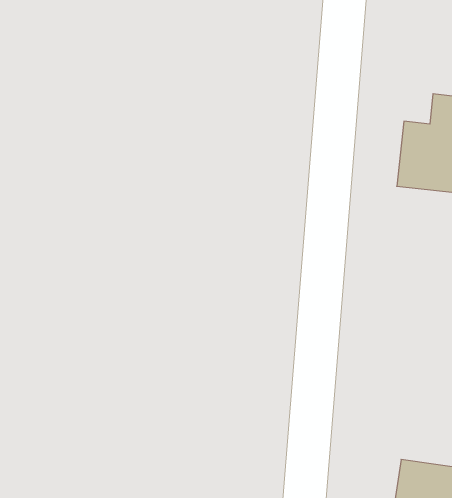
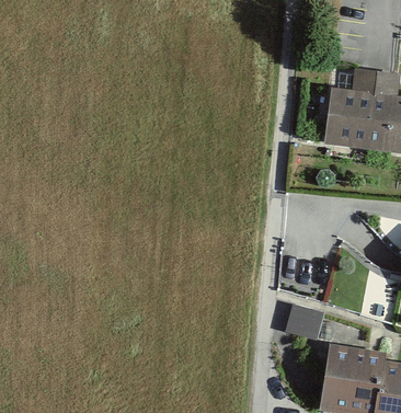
building: none -> [283,303,322,340]

